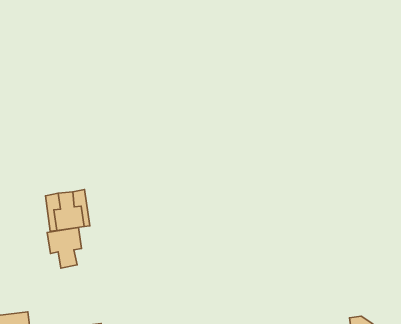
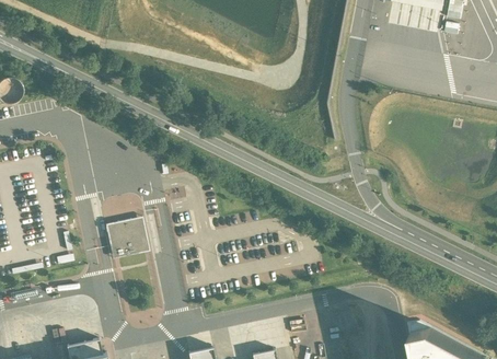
building: [47,227,82,268] -> none

